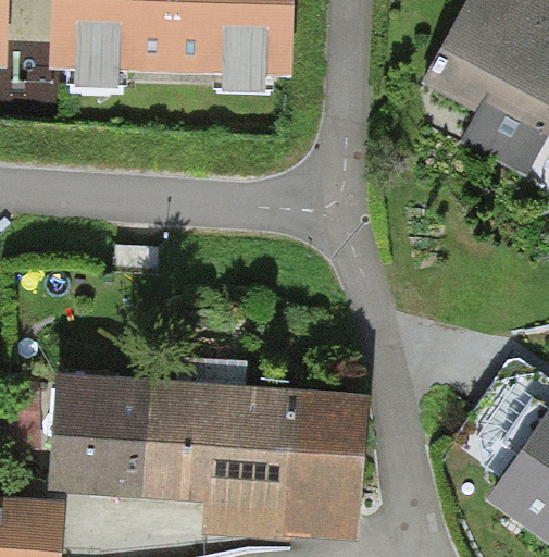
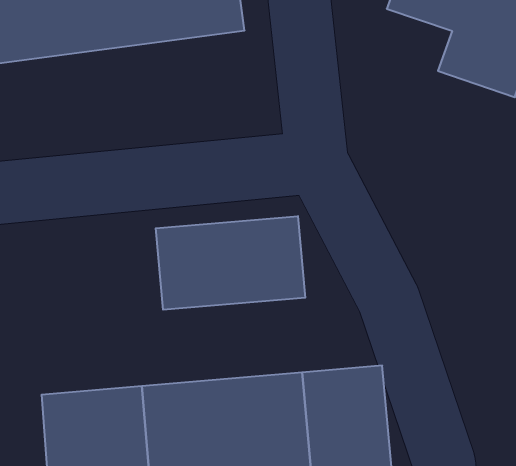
building: none -> [156,216,305,310]

